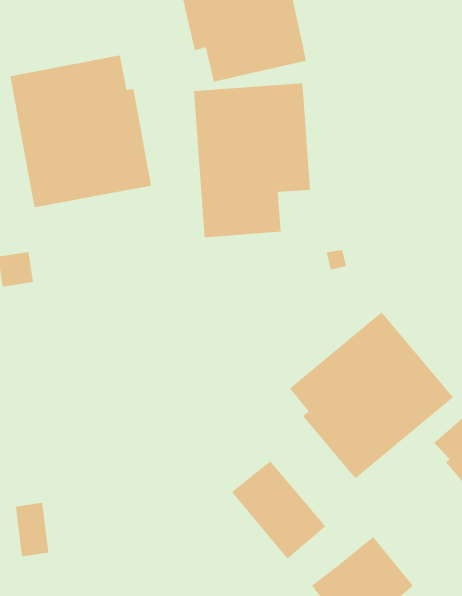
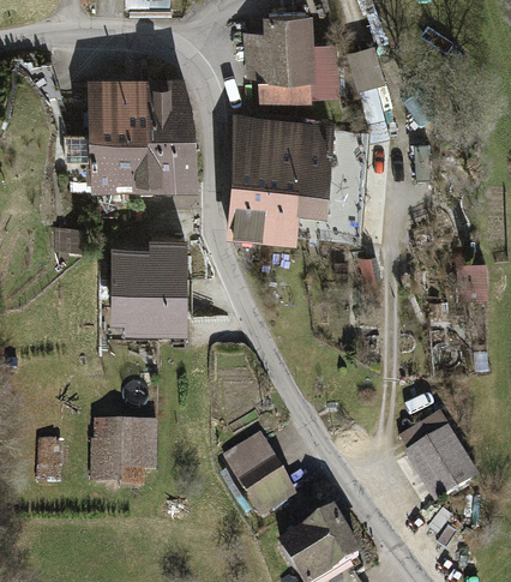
building: none -> [113,238,187,331]
building: [289,311,454,479] -> none
building: none -> [91,422,157,487]

